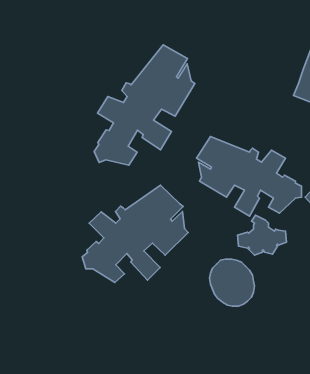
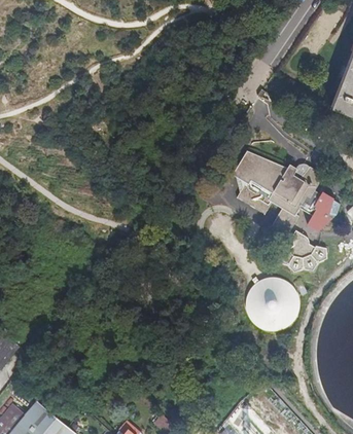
building: [94,45,195,165] -> none
building: [82,185,188,282] -> none

